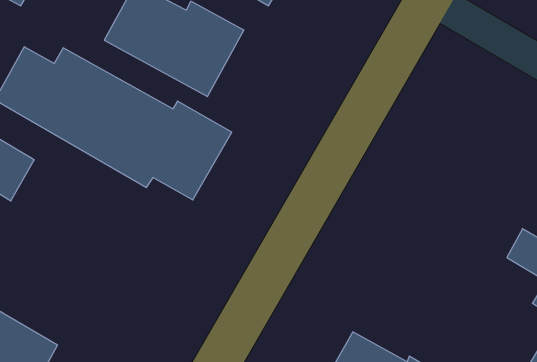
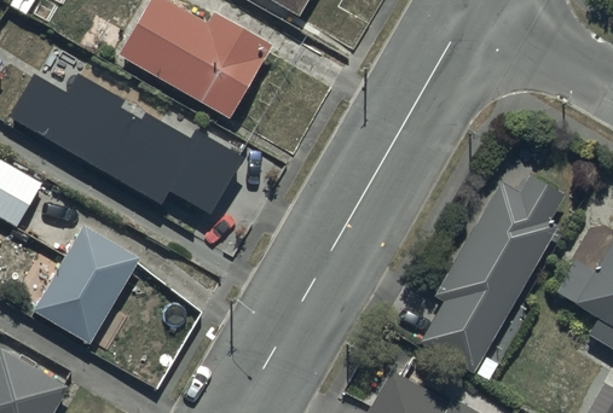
building: none -> [421,171,566,371]
building: none -> [31,223,139,343]

